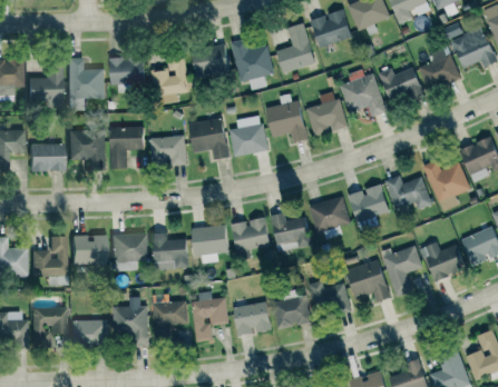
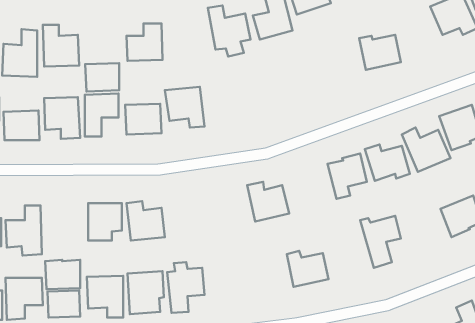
building: [193,47,230,77] -> none
building: [420,47,459,90] -> none
building: [110,57,144,85] -> [85,63,119,91]
building: [340,72,388,117] -> none
building: [307,90,348,135] -> none
building: [266,96,309,142] -> none
building: [231,116,267,157] -> none
building: [310,196,350,232] -> none
building: [232,217,271,251] -> none
building: [192,225,228,264] -> none
building: [72,235,107,264] -> [45,260,80,289]
building: [422,241,467,281] -> none
building: [346,259,390,301] -> none
building: [274,296,312,327] -> none
building: [234,302,271,335] -> none

